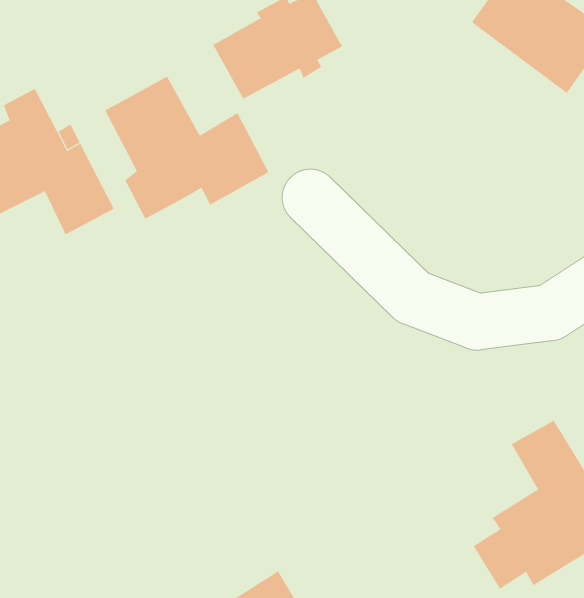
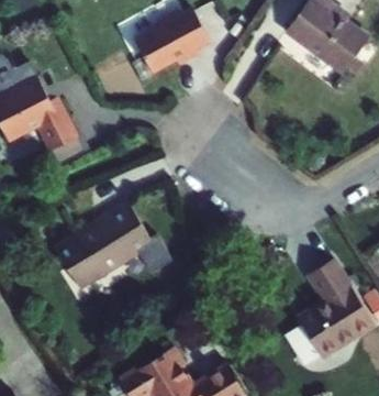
building: [104,76,269,219] -> none
building: none -> [54,201,156,288]

